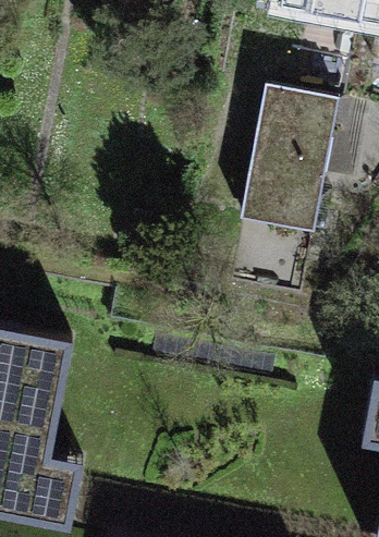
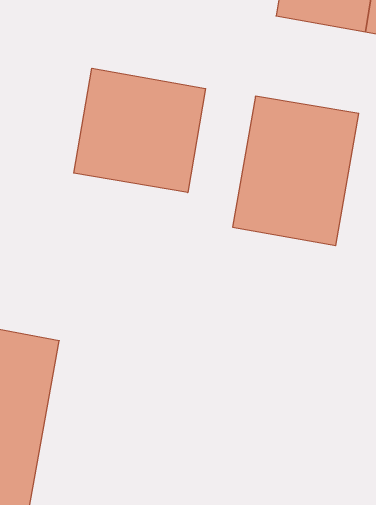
building: none -> [74,68,206,193]

